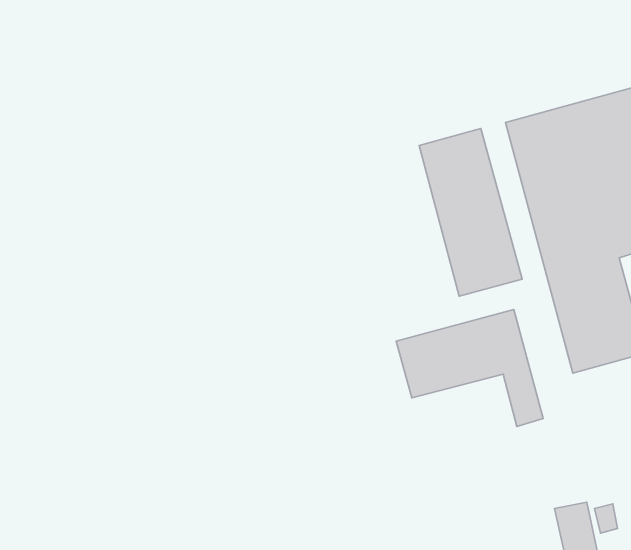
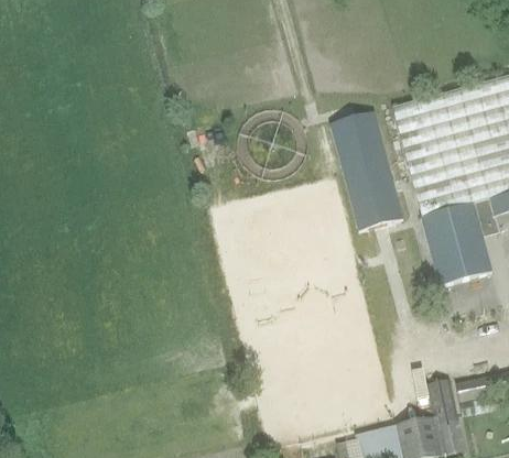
building: [396,310,543,427] -> none

